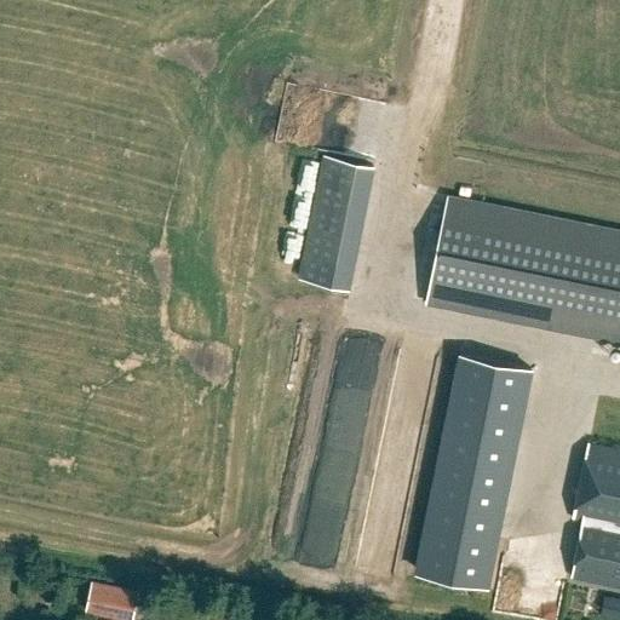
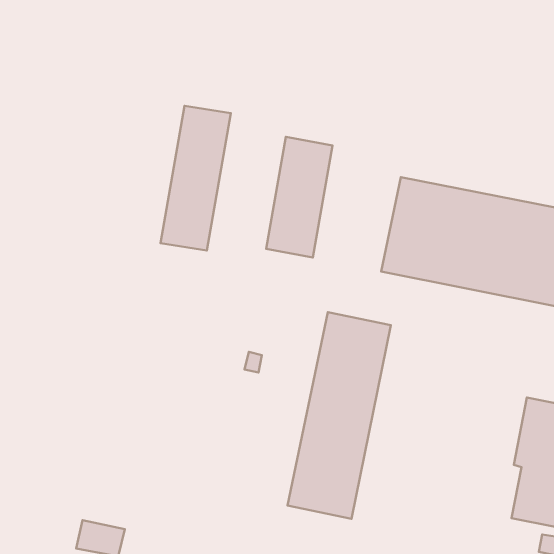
building: none -> [160,106,231,250]
building: [418,356,533,586] -> [288,312,391,519]

